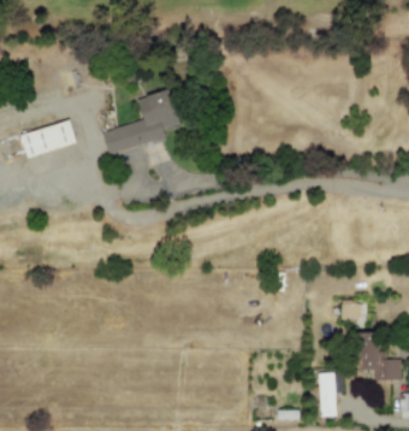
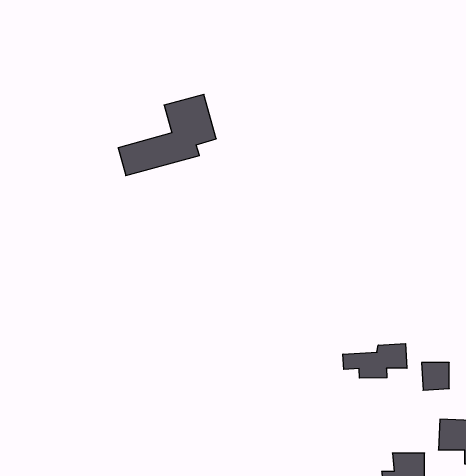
building: [23,119,78,158] -> none
building: none -> [343,344,407,378]

